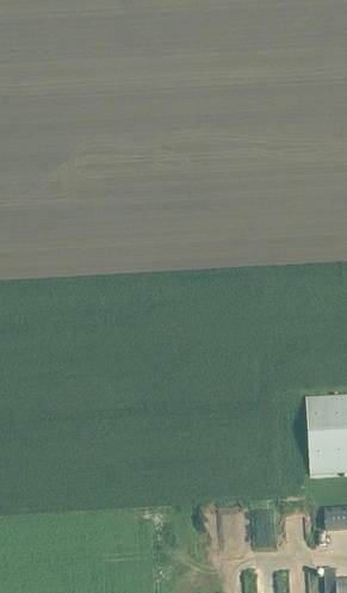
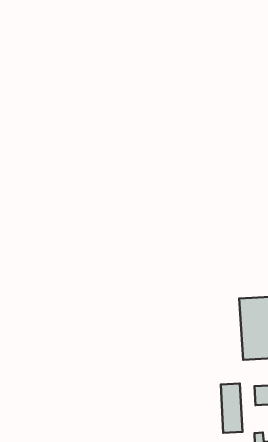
building: none -> [221,384,242,433]

